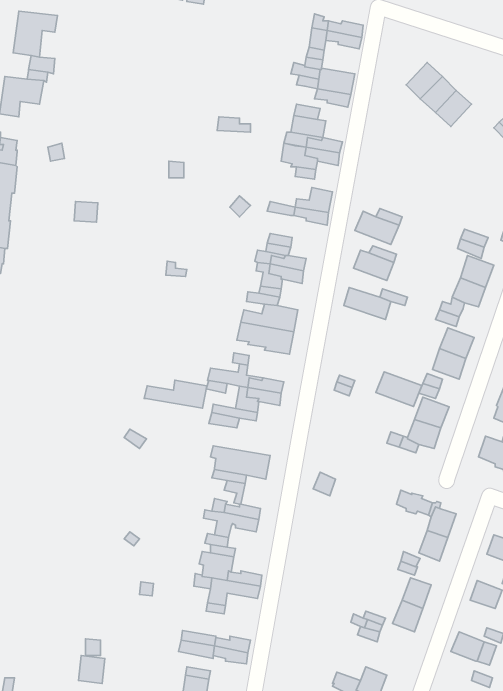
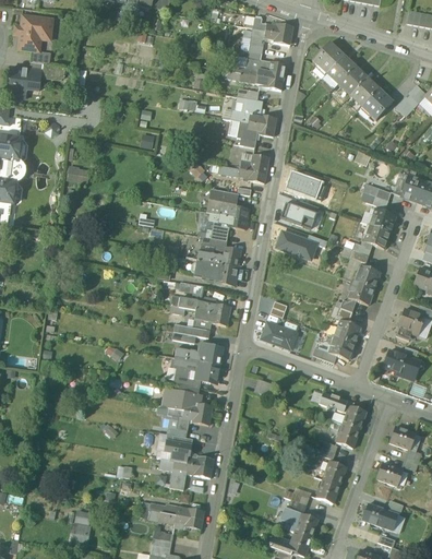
building: none -> [312,41,343,73]
building: none -> [361,88,392,120]
building: [376,372,422,406] -> [261,322,297,349]
building: [144,380,207,408] -> [173,343,223,365]
building: none -> [279,507,317,537]

